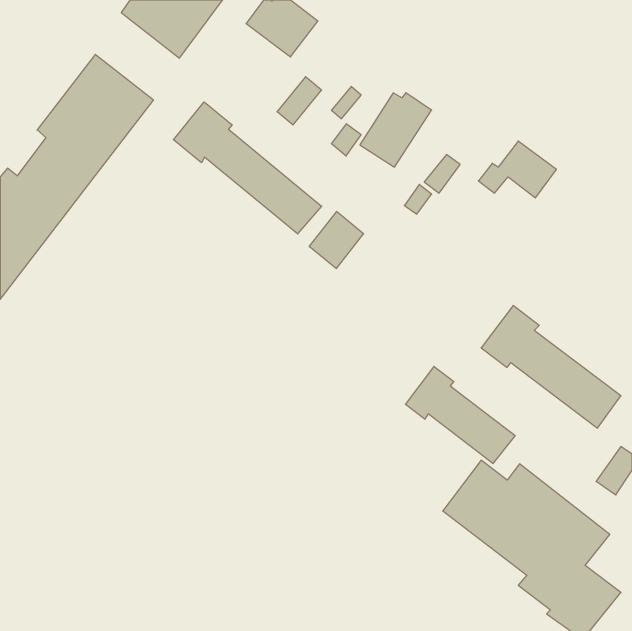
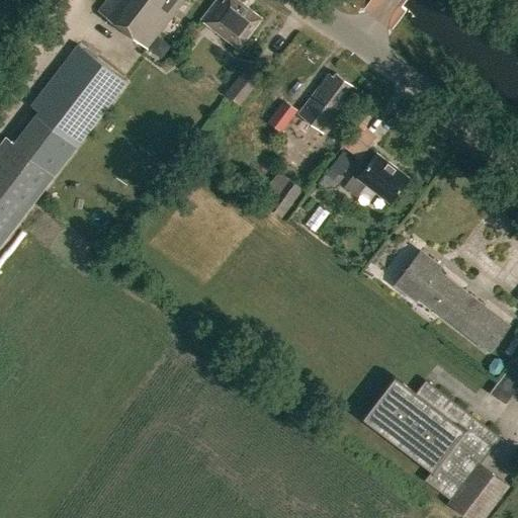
building: [173,102,322,234] -> none
building: [478,141,556,198] -> [343,155,407,201]
building: [405,366,515,464] -> none

